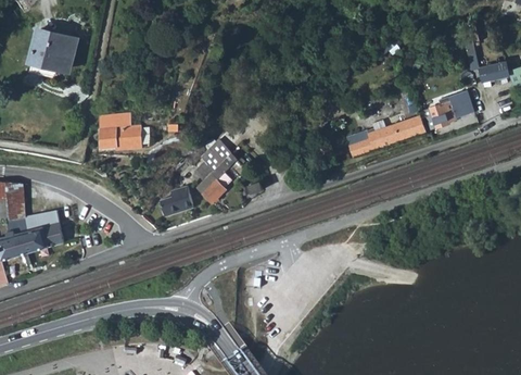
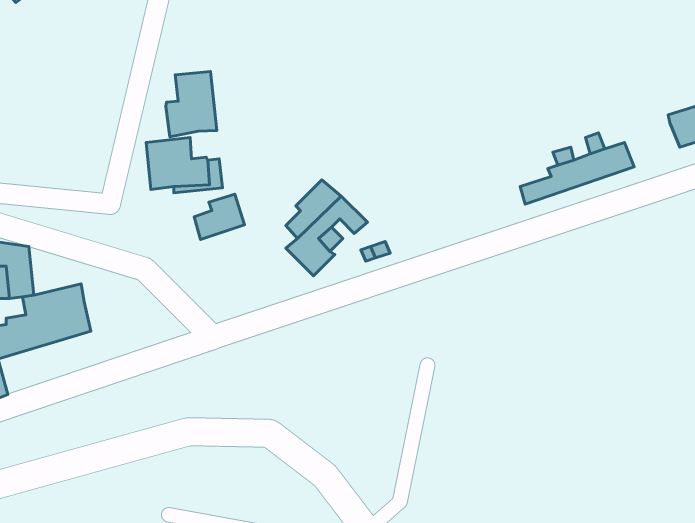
building: [28,29,76,77] -> none
building: none -> [166,71,217,137]
building: [423,102,456,132] -> none
building: [160,186,193,216] -> [194,194,244,240]

